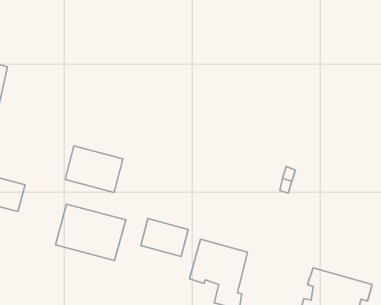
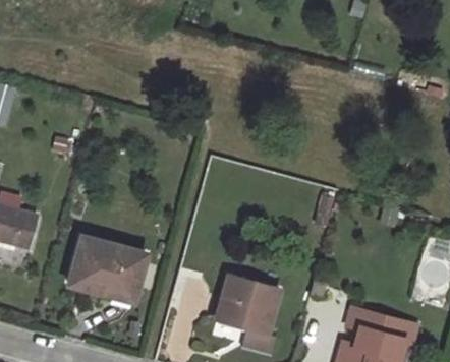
building: [65,146,123,192] -> none
building: [141,218,188,256] -> none

